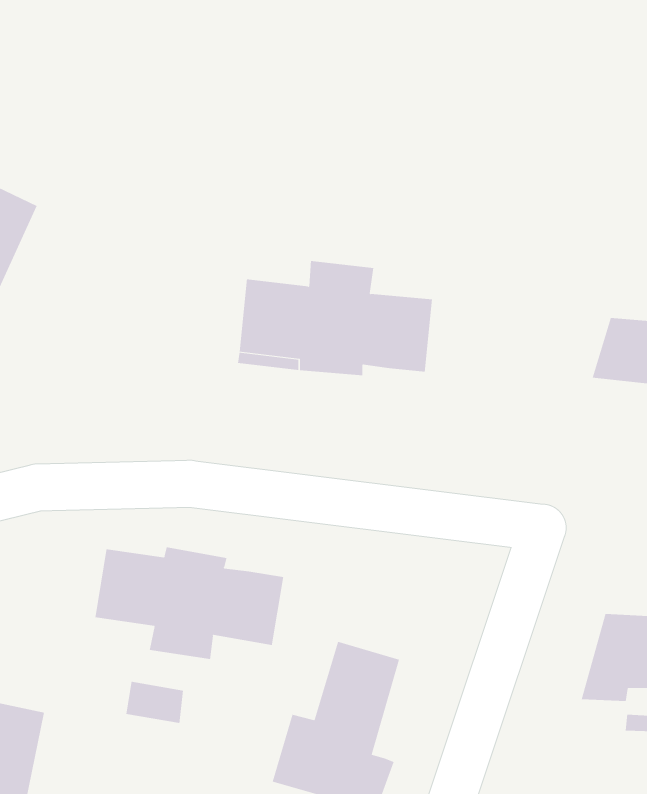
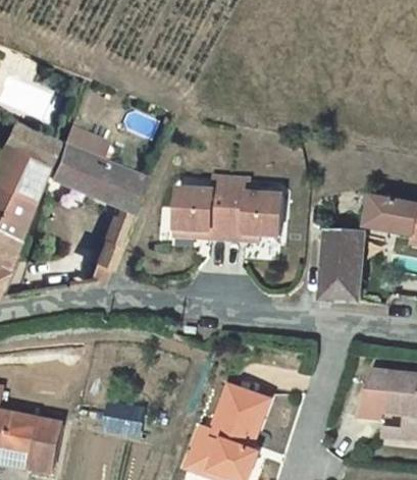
building: none -> [51,127,148,282]
building: none -> [321,236,366,306]
building: [95,547,284,660] -> none

